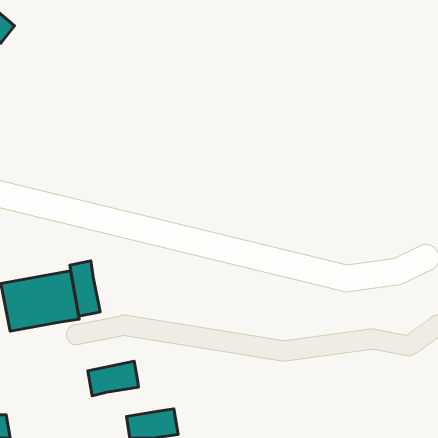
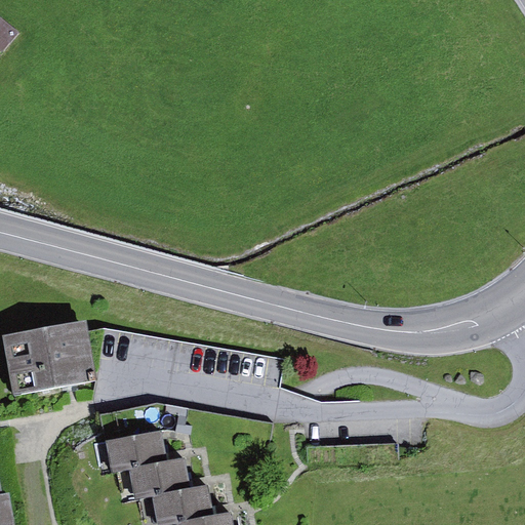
building: [70,261,100,316] -> none
building: none -> [127,457,189,498]

